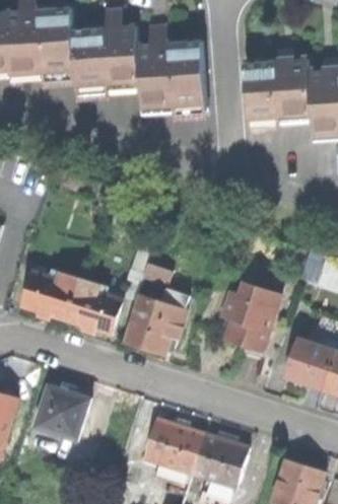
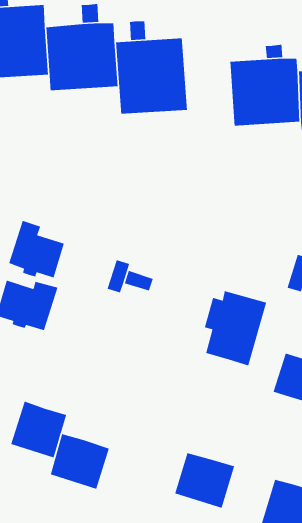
building: [69,277,123,333] -> [8,220,65,279]
building: [124,288,189,352] -> none
building: [147,419,204,473] -> [50,433,110,490]

